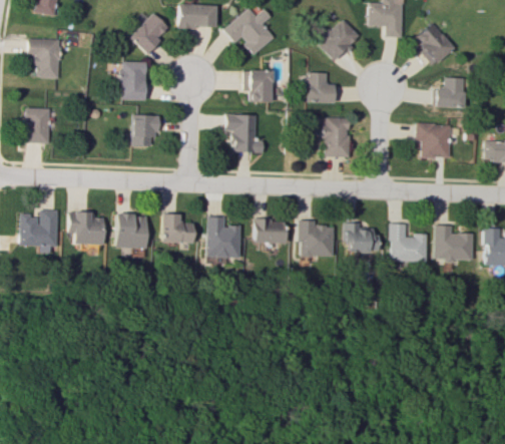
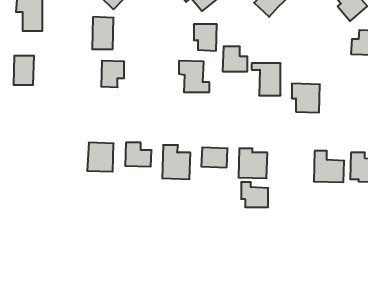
building: [307,72,337,102] -> [223,47,247,71]
building: [417,123,451,158] -> [292,84,320,113]
building: [20,209,58,253] -> none
building: [68,213,104,244] -> none
building: [345,223,378,253] -> [241,182,268,207]

